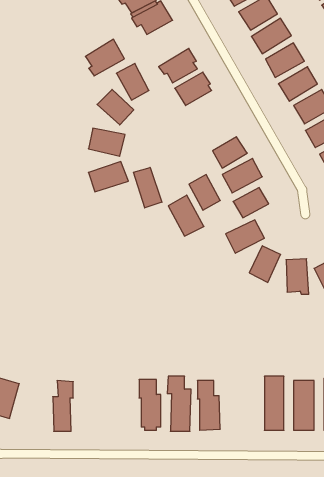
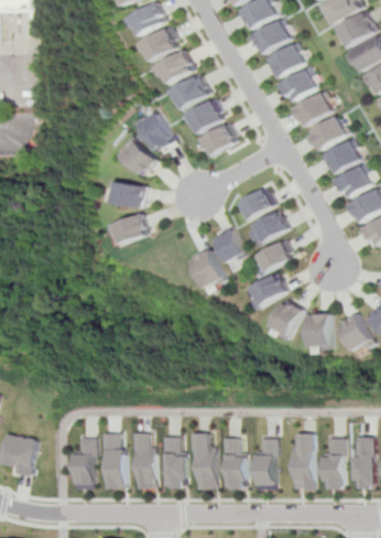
building: [85,39,124,76] -> [172,73,211,110]
building: [134,167,162,208] -> none
building: none -> [133,432,155,488]
building: none -> [102,433,127,489]
building: none -> [254,438,276,486]

